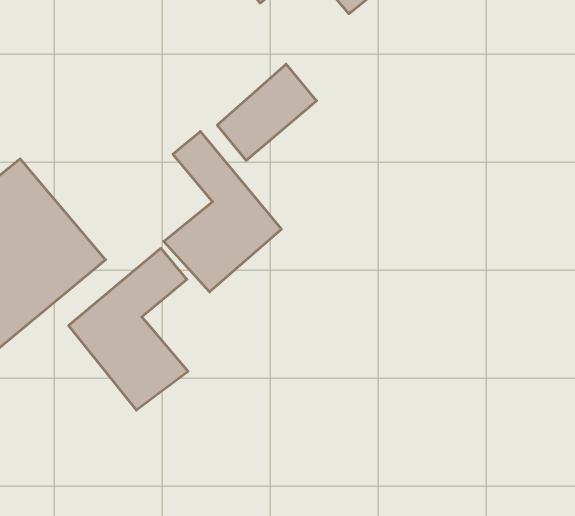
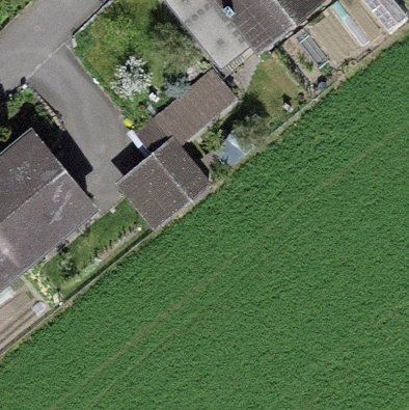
building: [69,248,188,410] -> none

